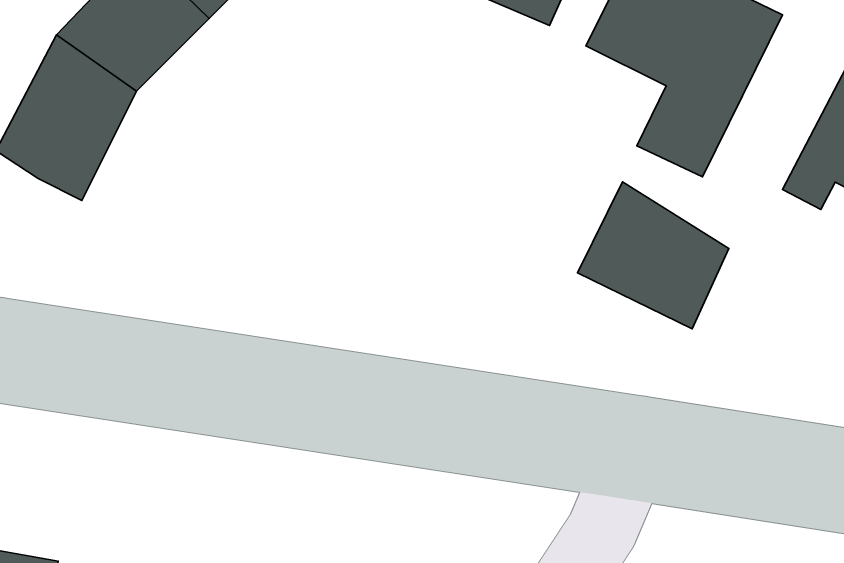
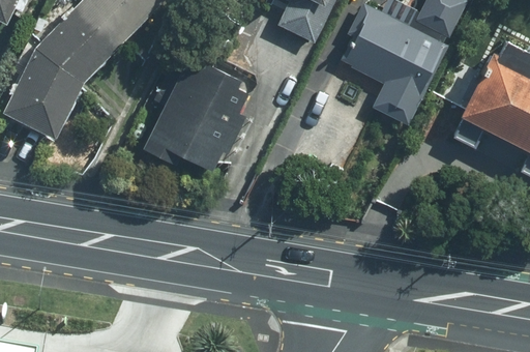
building: none -> [146,54,249,176]
building: [578,182,729,329] -> none

